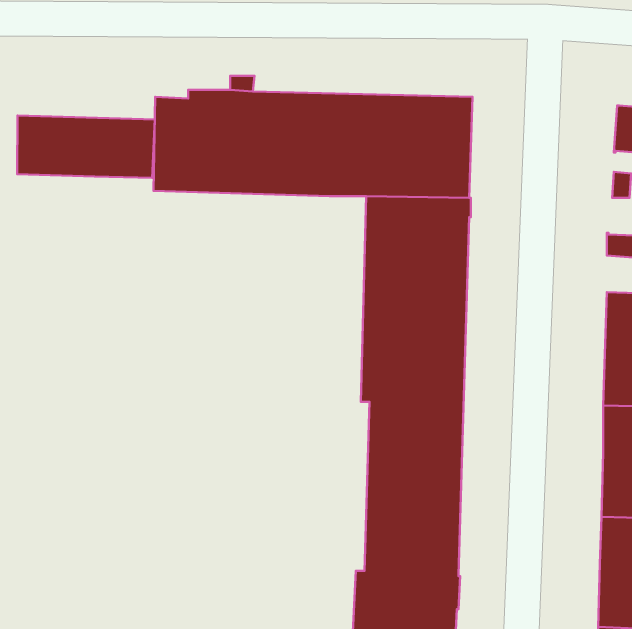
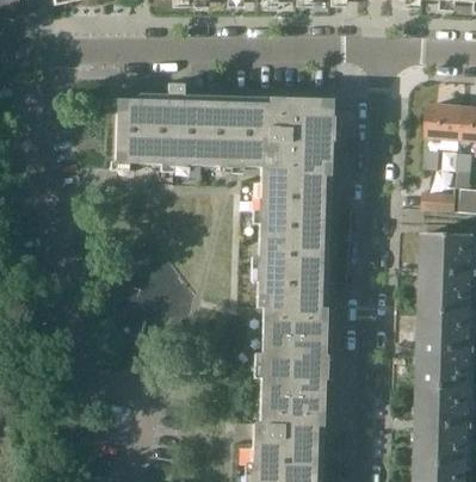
building: [17,115,155,178] -> none

